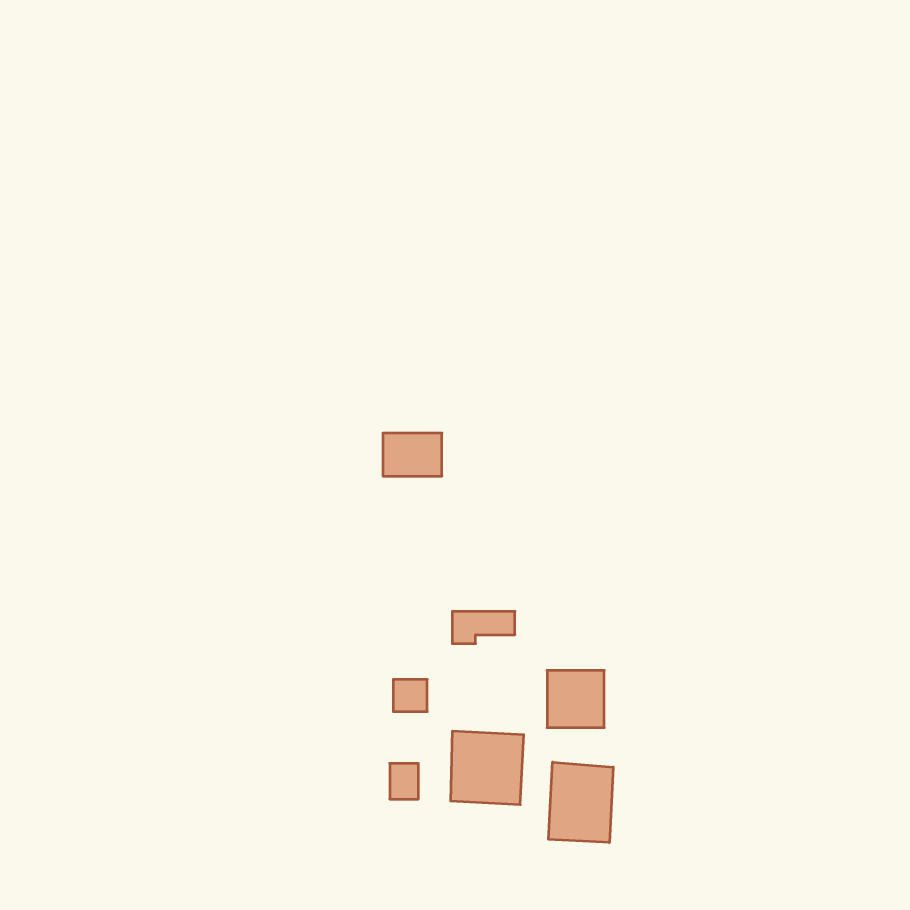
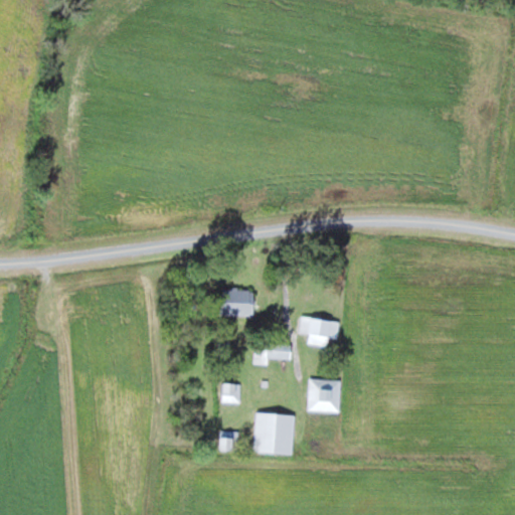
building: [383,433,442,476] -> [219,291,252,315]
building: none -> [299,317,339,346]
building: [549,762,613,843] -> none

